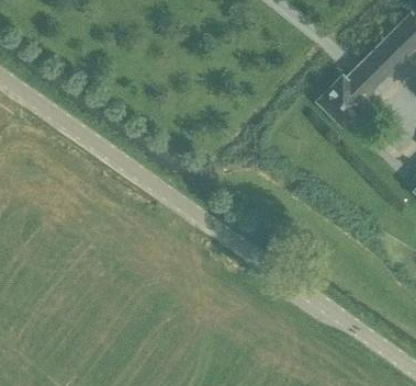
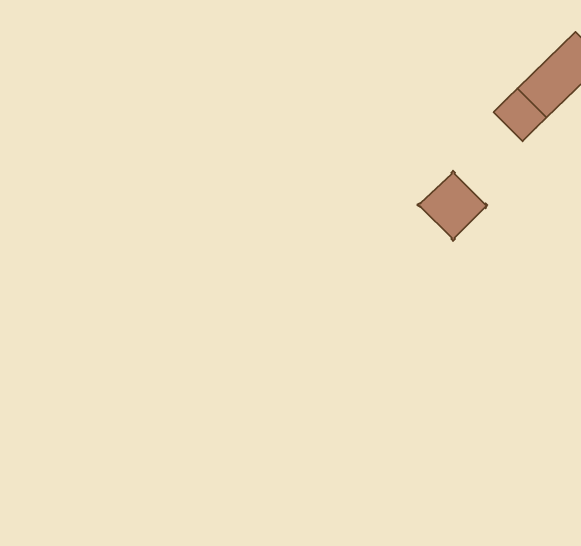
building: [317,79,362,124] -> [417,171,487,241]

